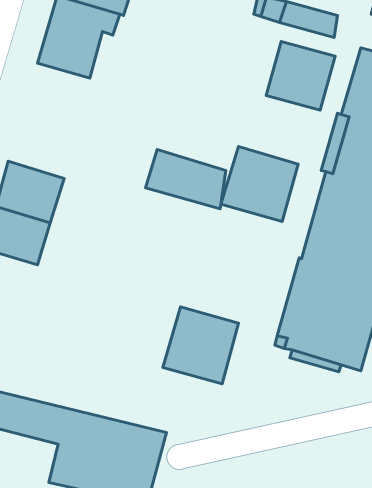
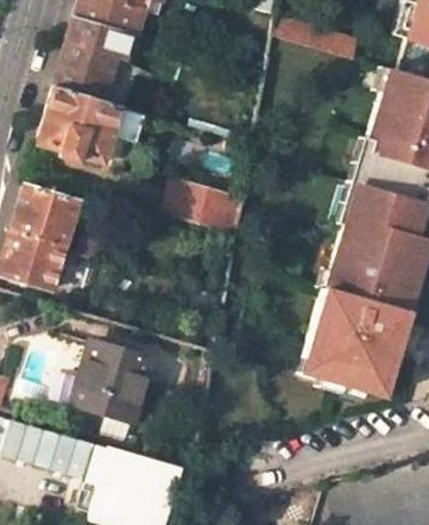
building: [266,41,335,110] -> none
building: none -> [38,85,125,164]
building: [221,146,298,221] -> none
building: [163,307,239,384] -> [77,343,154,421]

